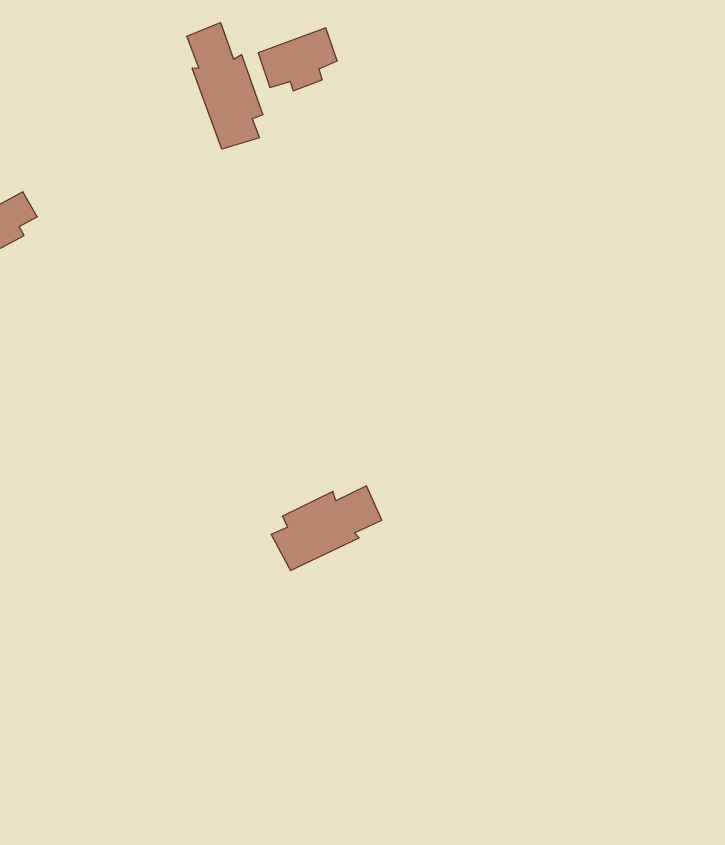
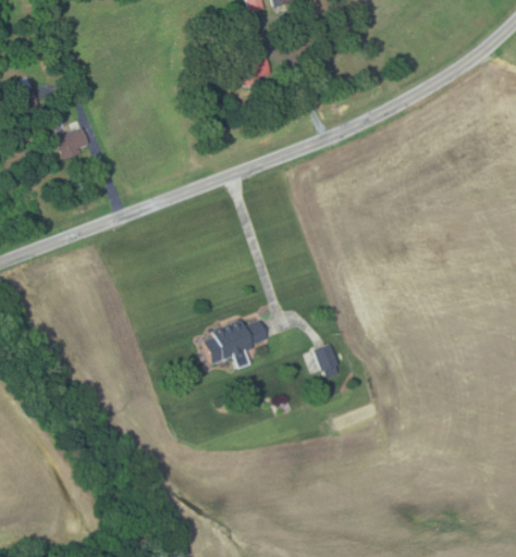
building: [187,23,263,149] -> none
building: none -> [315,344,340,377]

